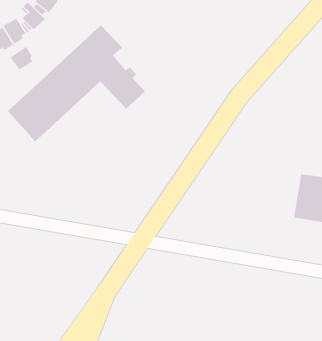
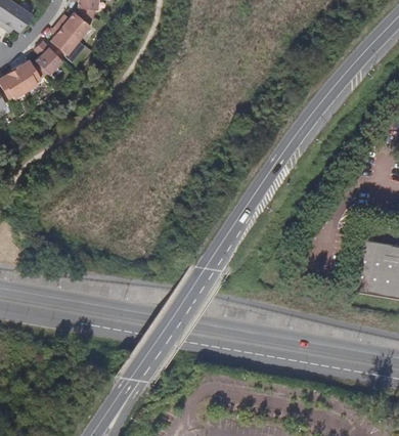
building: [7,24,146,142] -> none
building: [10,46,33,70] -> none

